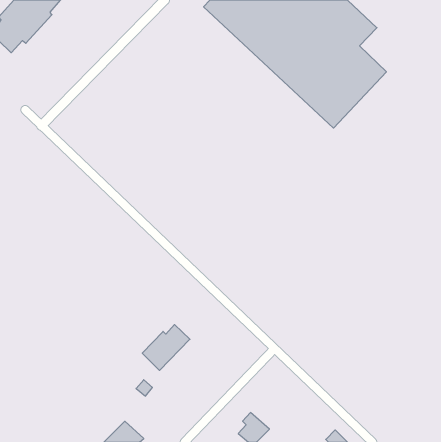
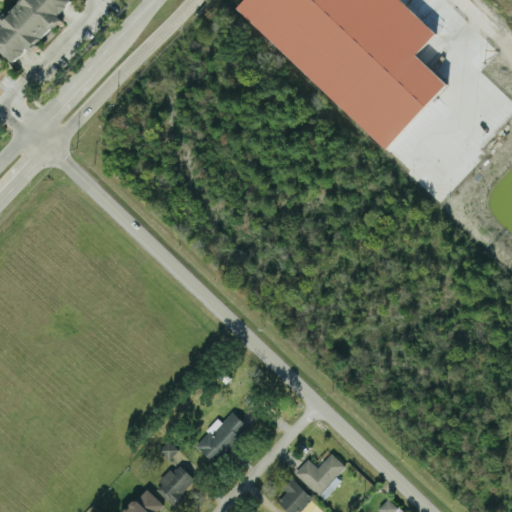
building: [142,325,190,370] -> [193,410,248,463]
building: none -> [293,452,344,498]
building: none -> [153,462,193,506]

